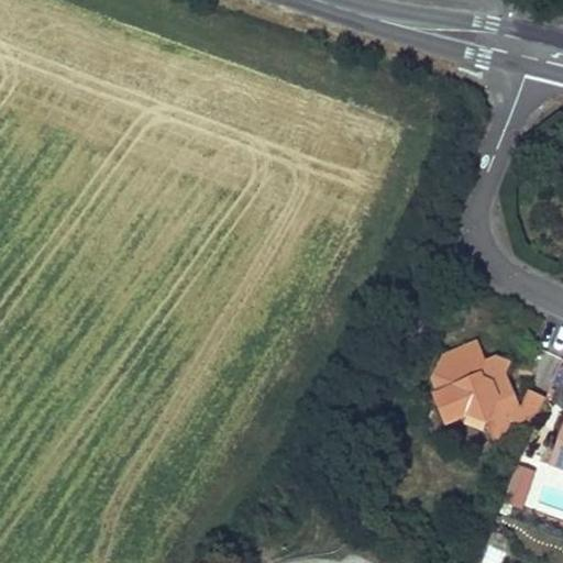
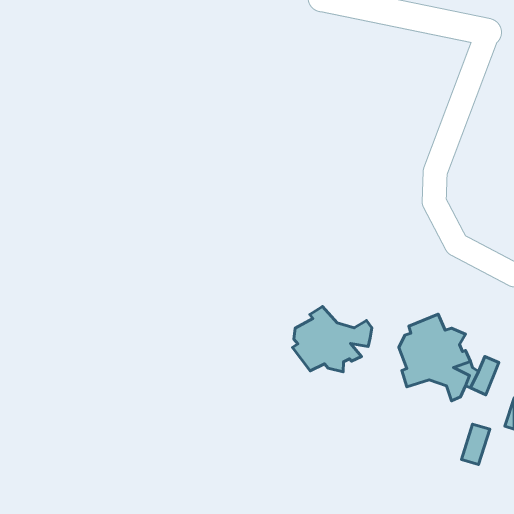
building: none -> [292,306,372,372]

